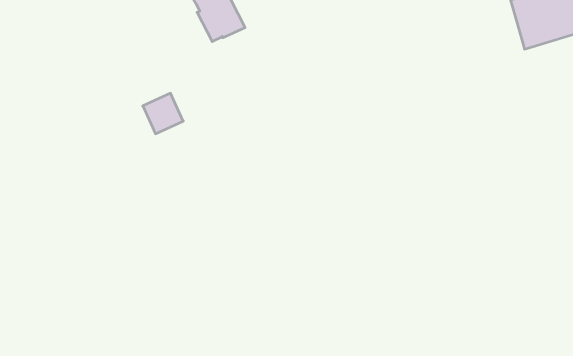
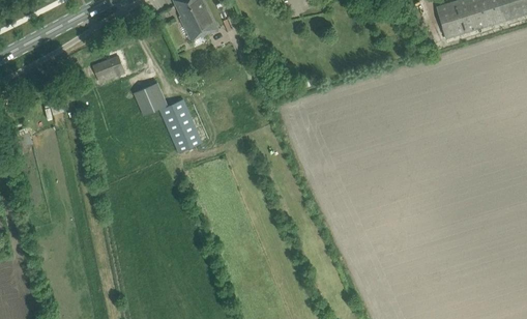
building: none -> [92,56,124,83]
building: none -> [159,99,202,151]

